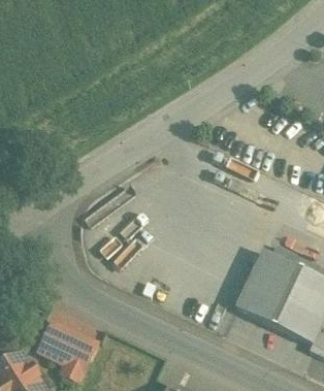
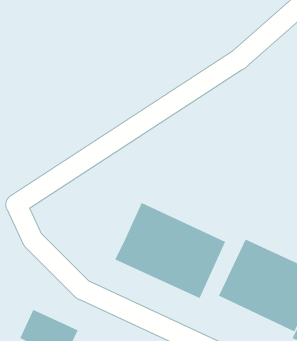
building: none -> [115,202,226,299]

